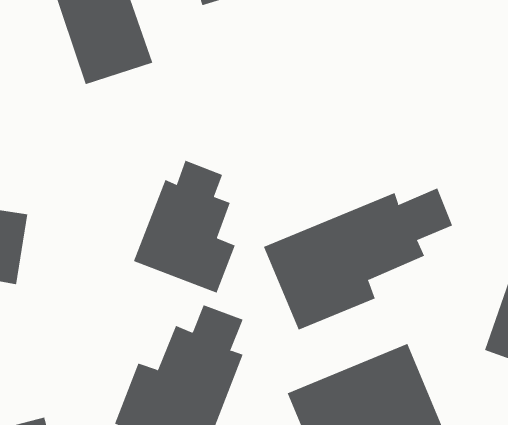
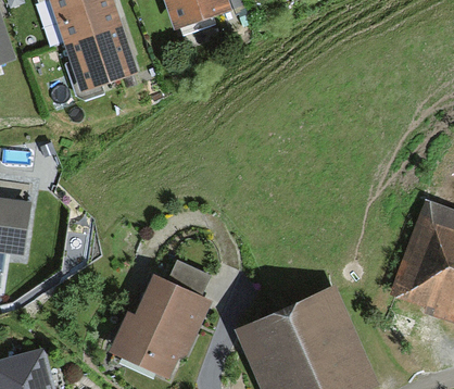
building: [133,160,235,294] -> none
building: [263,188,453,331] -> none

